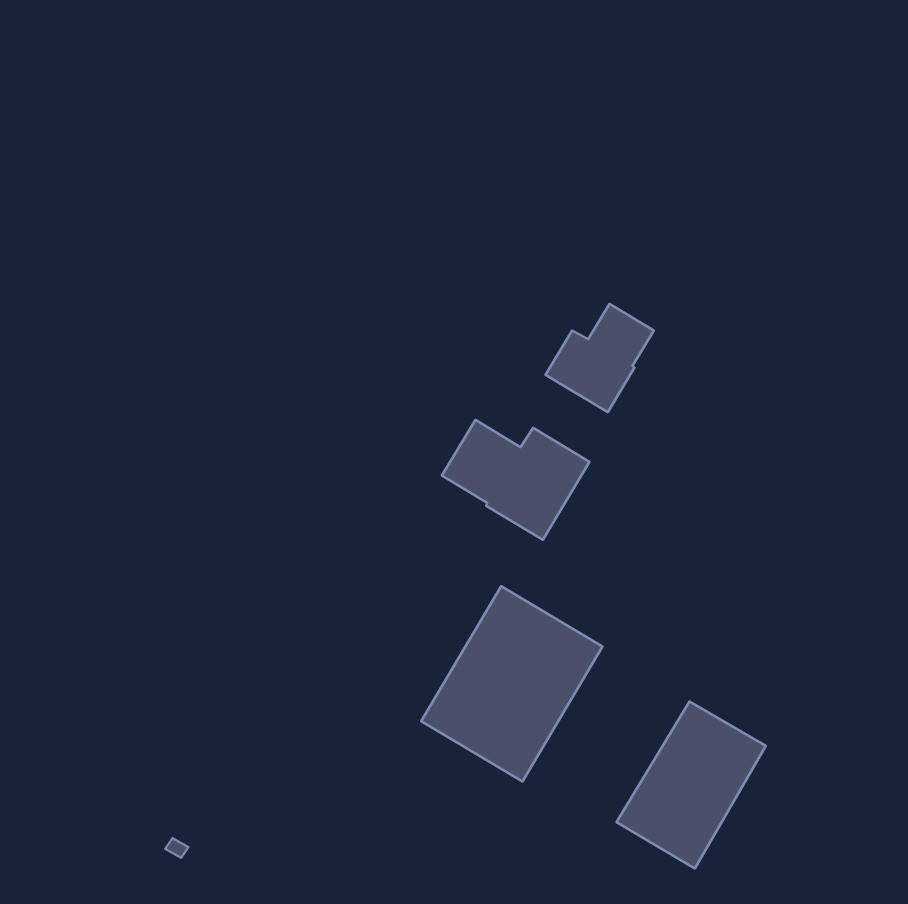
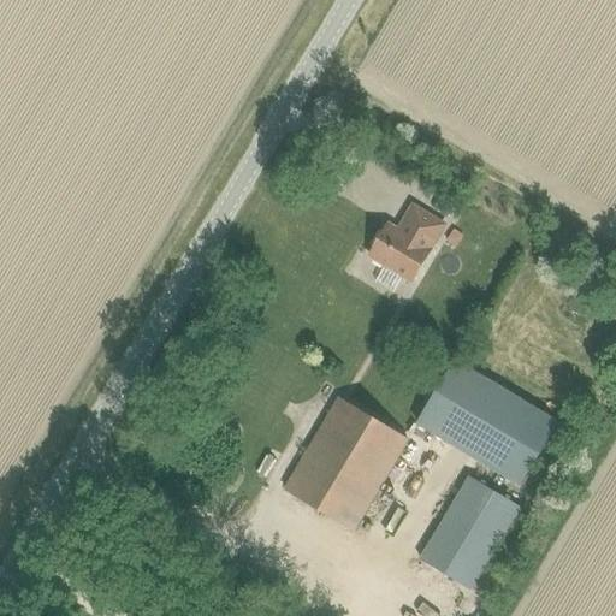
building: [442,420,590,540] -> none
building: none -> [415,357,557,485]

